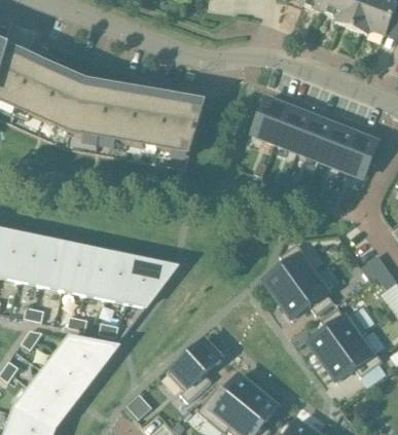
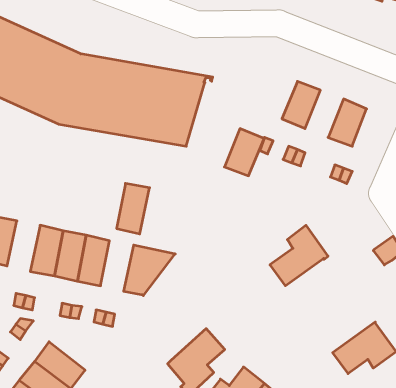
building: [252,97,289,141] -> [224,129,264,176]
building: [296,114,332,158] -> none
building: [340,132,376,176] -> none
building: [17,237,48,284] -> none
building: [105,255,136,302] -> [117,183,150,234]
building: [278,271,333,318] -> none
building: [309,306,366,360] -> none
building: [57,335,115,376] -> none

